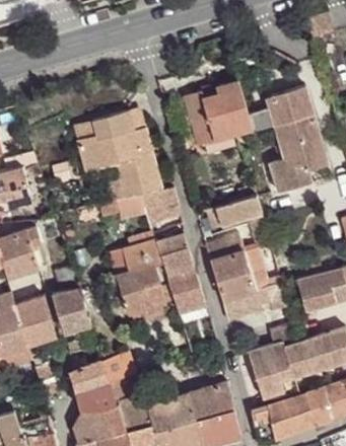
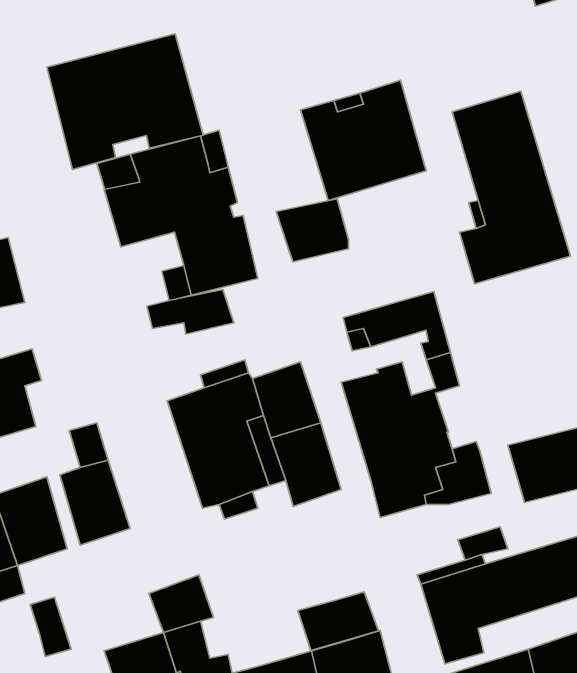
building: none -> [47,34,203,169]
building: [140,188,180,222] -> [276,199,348,262]
building: [69,360,108,392] -> none
building: none -> [298,592,379,651]

